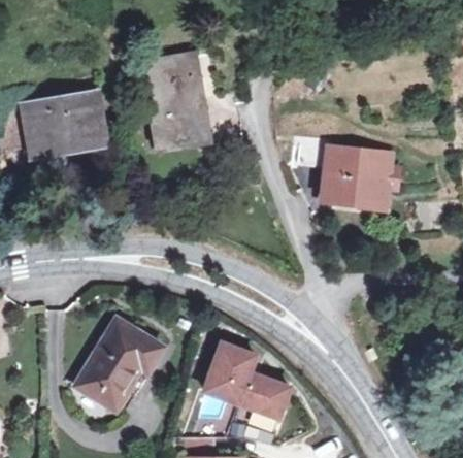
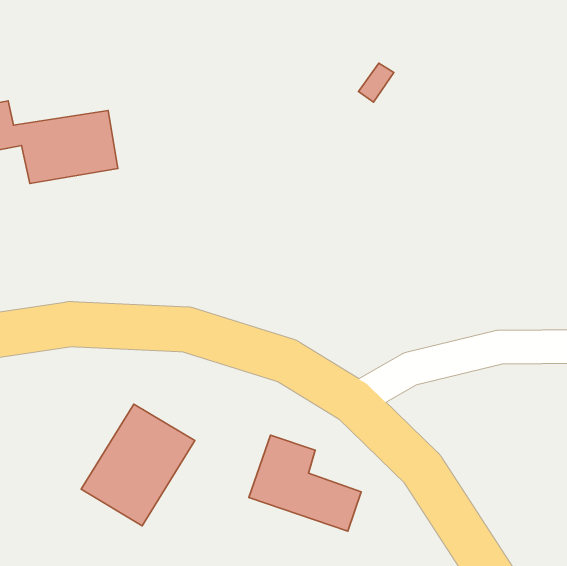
building: [145,58,208,145] -> none
building: [325,148,388,201] -> none

